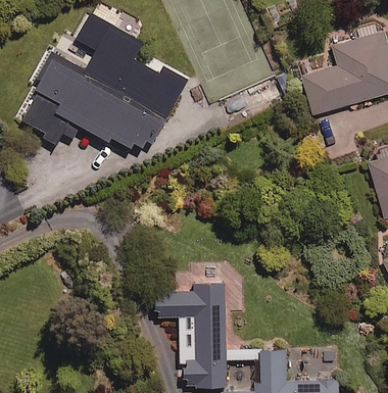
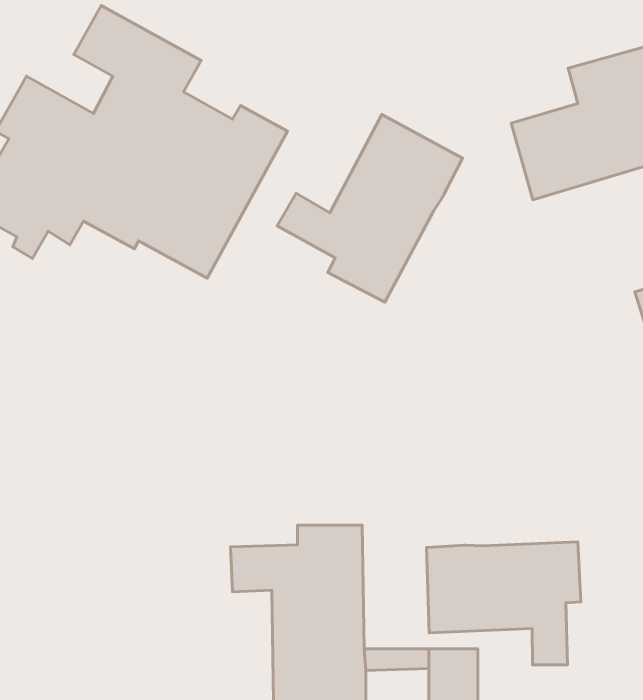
building: none -> [277,114,462,302]
building: none -> [426,542,581,665]

